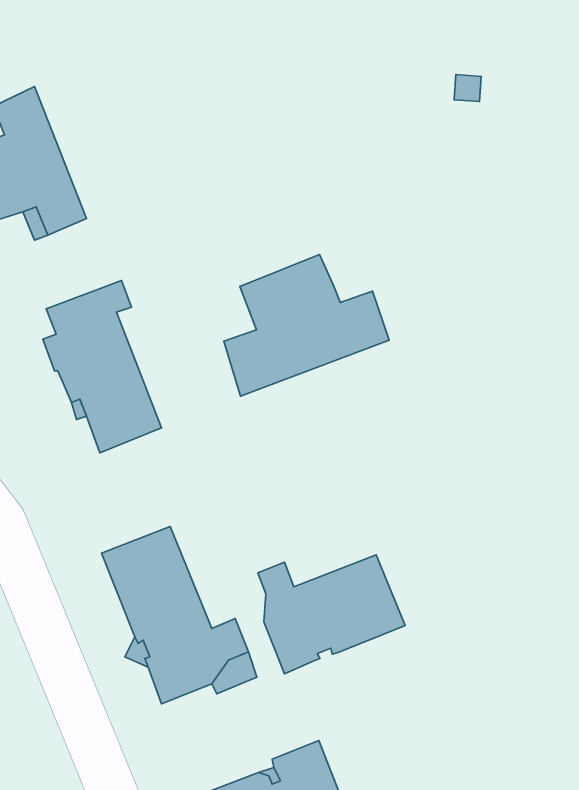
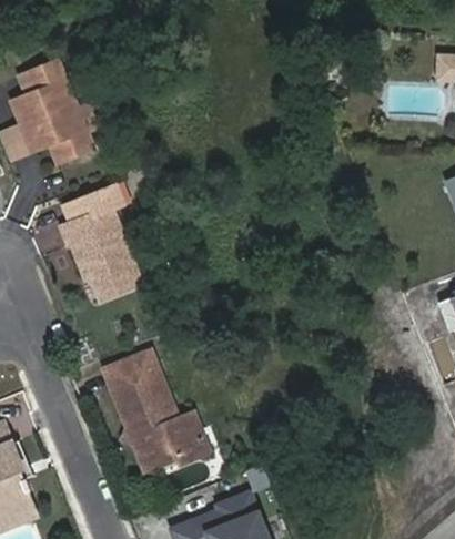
building: [224,255,389,396] -> none
building: [258,555,405,674] -> none

